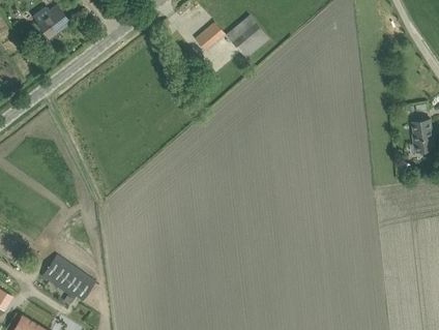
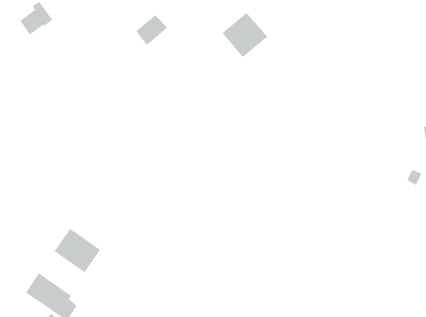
building: [195,21,225,50] -> [135,15,168,46]
building: none -> [54,228,101,273]

